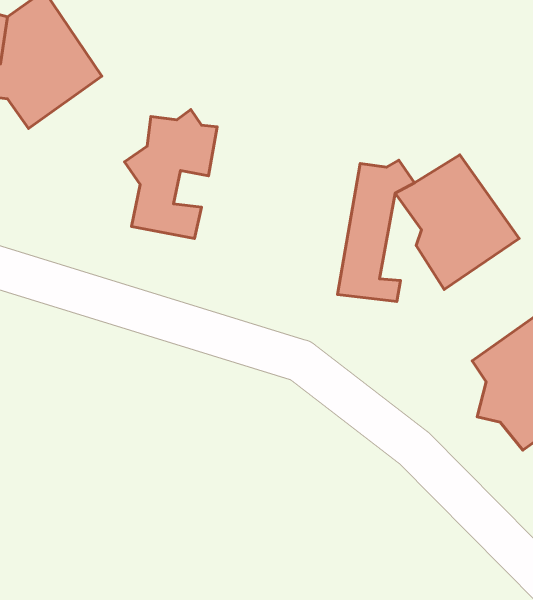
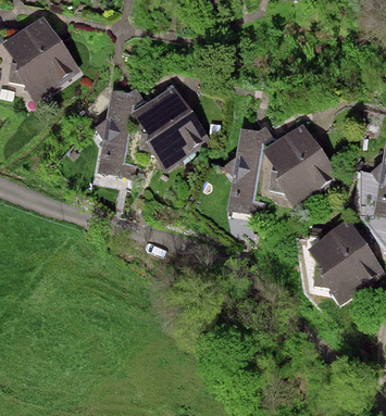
building: none -> [123,88,209,173]

